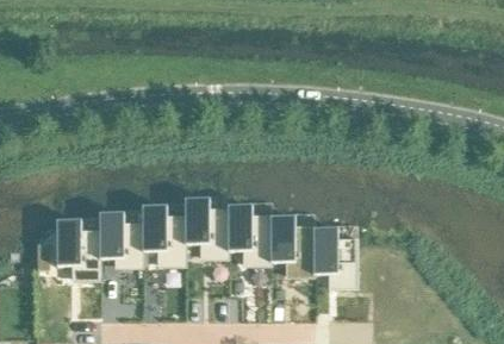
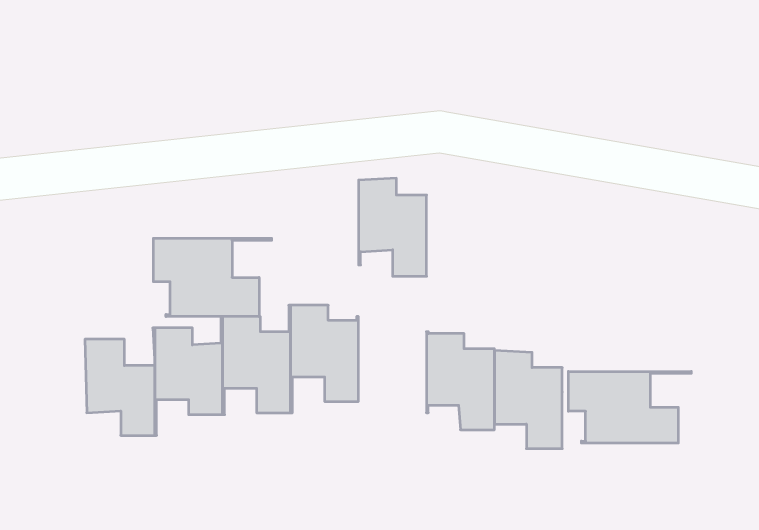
building: none -> [153,238,272,317]
building: [228,205,270,267] -> [359,178,427,276]
building: none -> [568,371,691,443]

